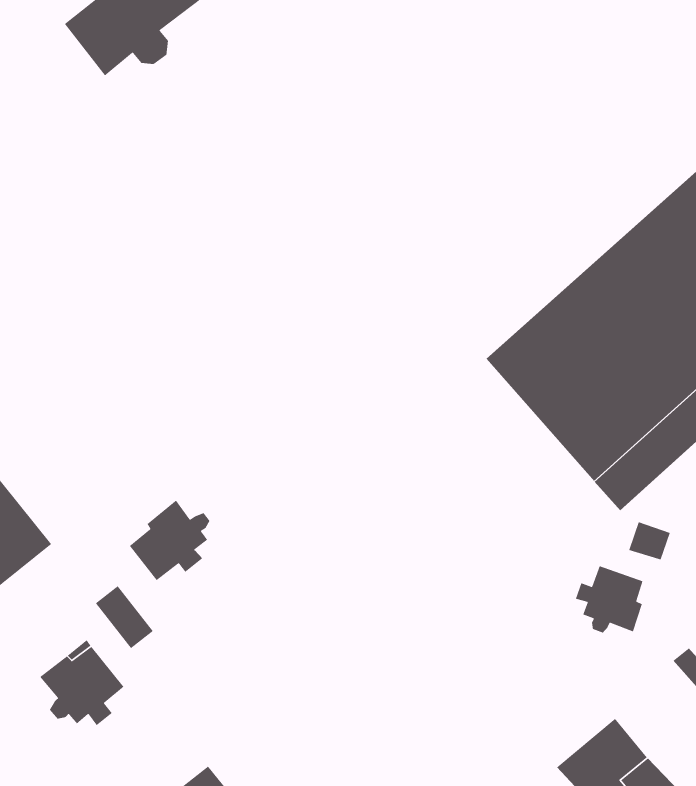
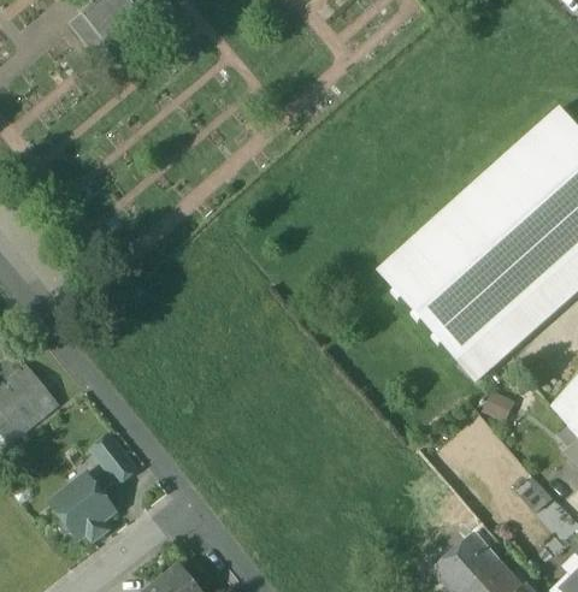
building: [129,500,210,581] -> none
building: [575,565,644,634] -> none

